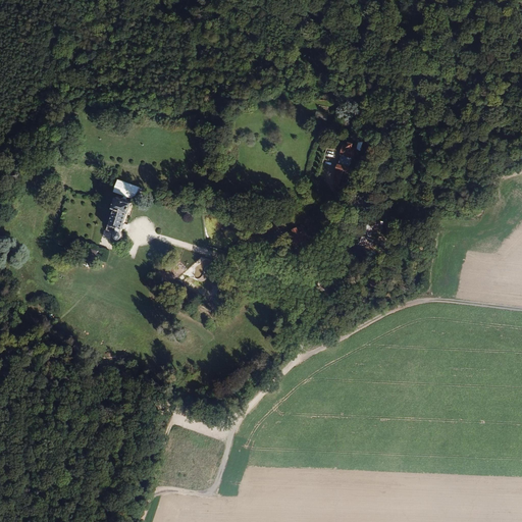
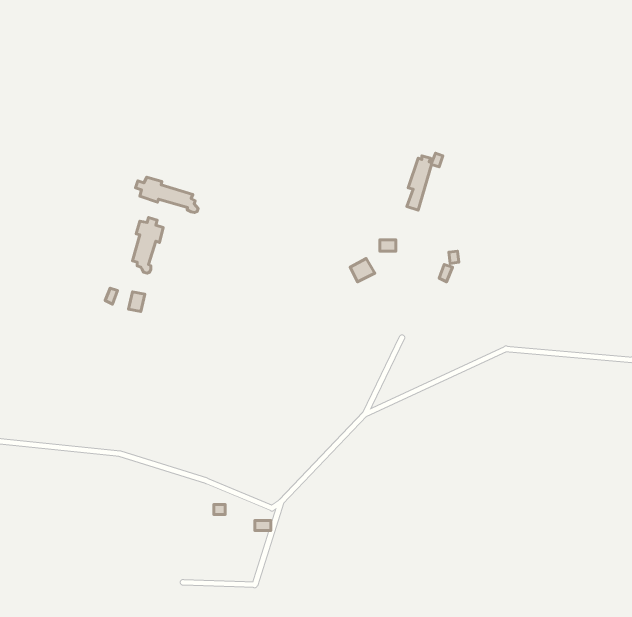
building: none -> [136,177,198,213]

